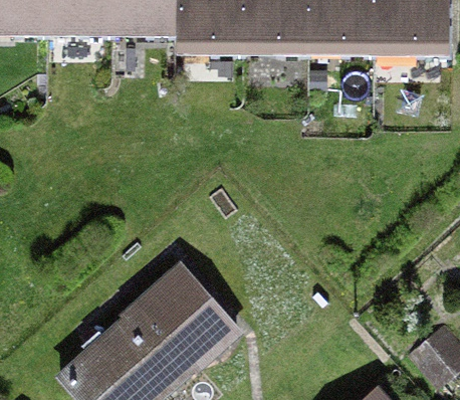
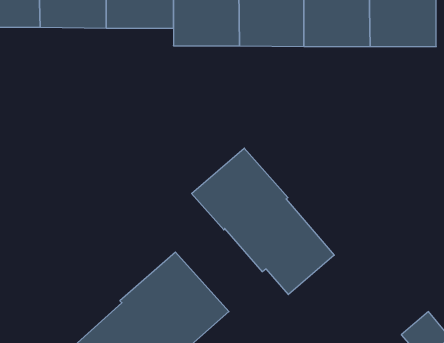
building: none -> [192,148,334,295]

